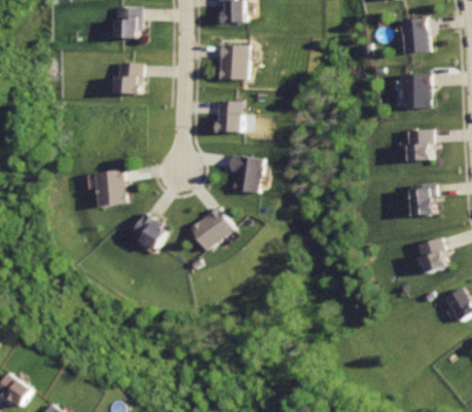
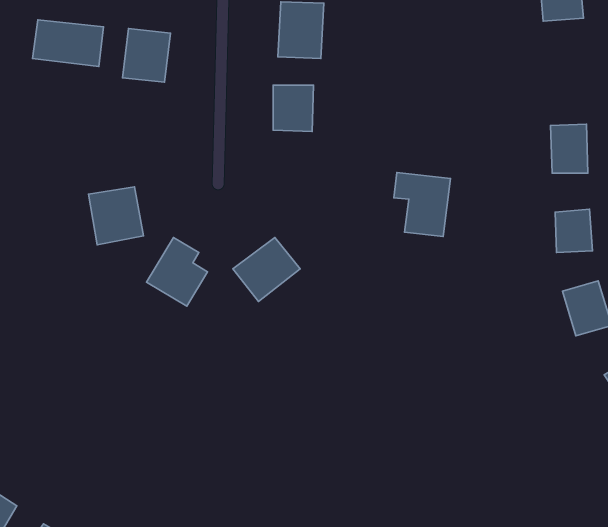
building: none -> [32,20,103,66]
building: [397,72,430,110] -> none
building: [226,151,265,195] -> [394,172,451,237]

